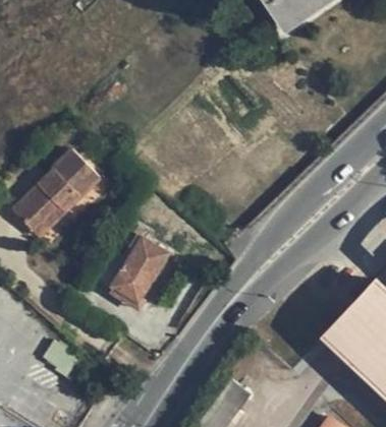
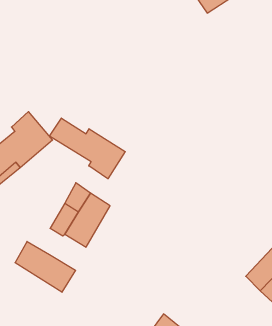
building: none -> [49,118,125,179]
building: none -> [15,241,76,292]

